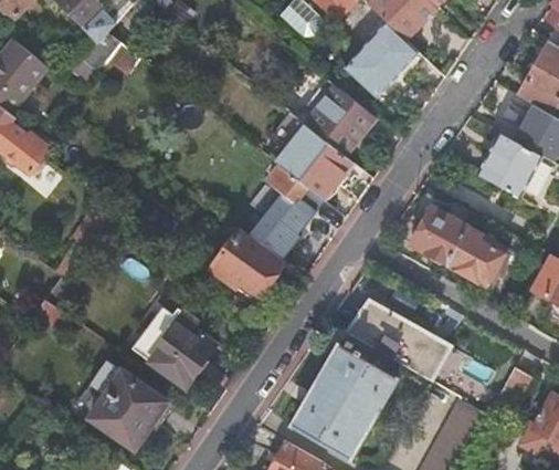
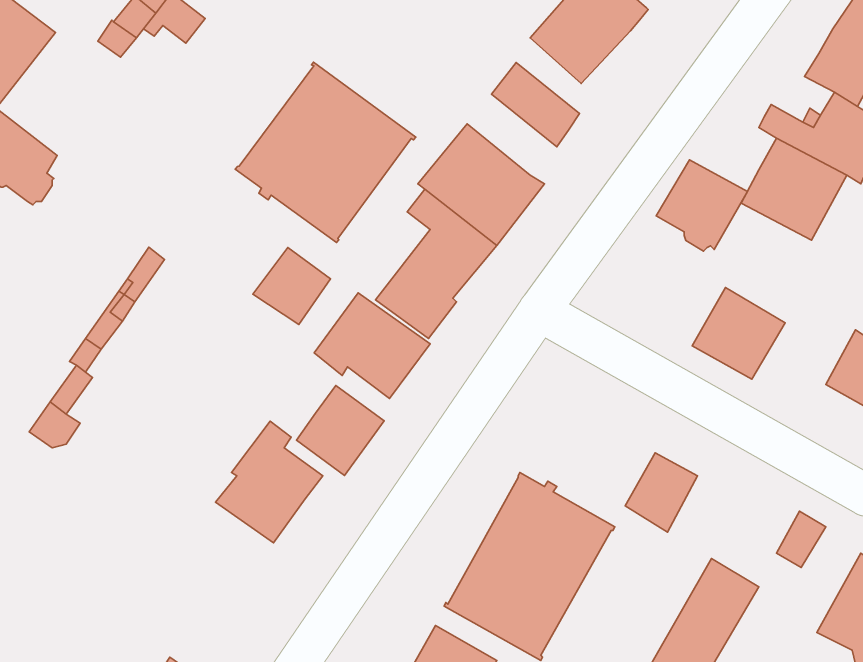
building: none -> [235,62,416,243]
building: [305,105,359,156] -> none
building: none -> [253,248,331,324]
building: [410,207,467,264] -> [656,160,748,251]
building: none -> [297,385,384,476]
building: [348,299,423,364] -> none
building: [84,368,166,451] -> none

